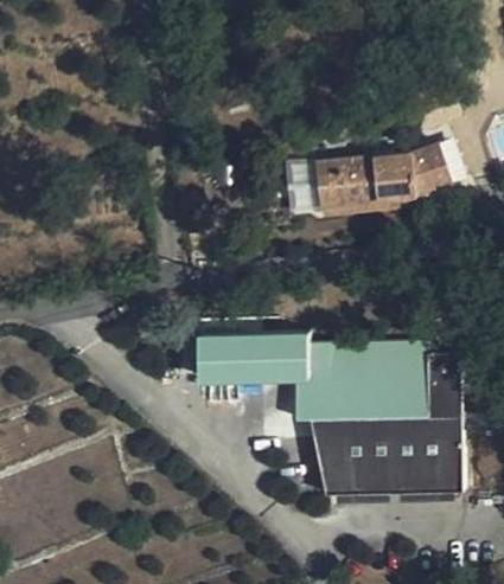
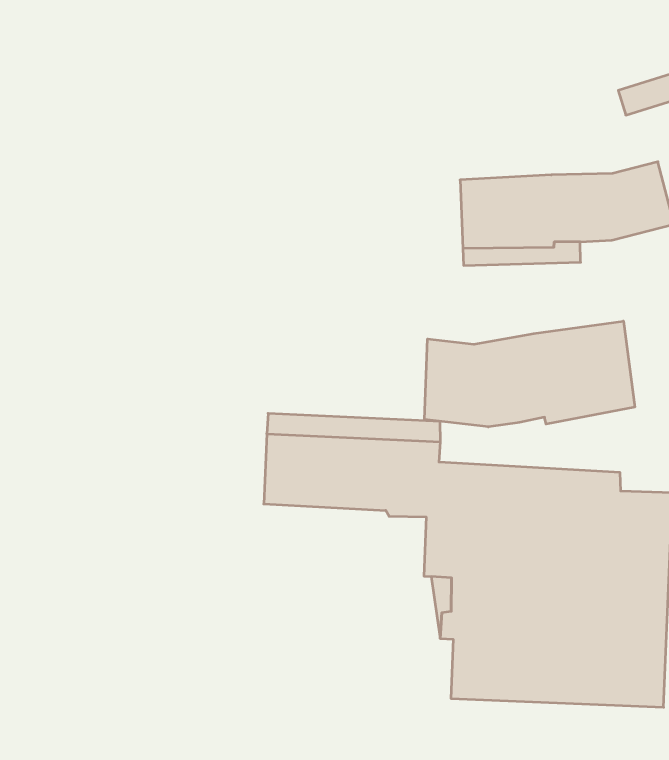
building: [282,158,314,212] -> none
building: none -> [425,321,635,427]

